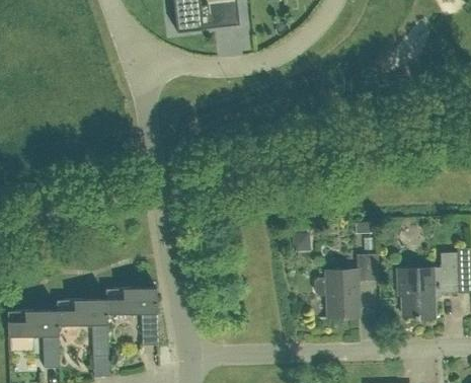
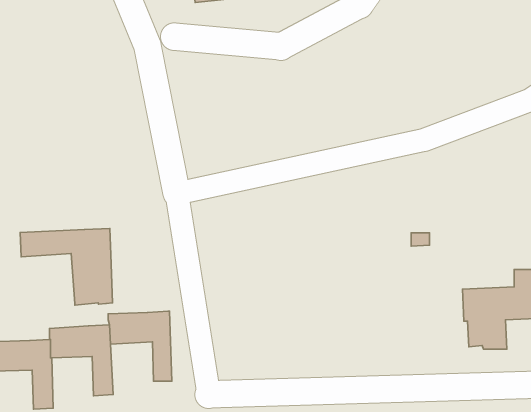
building: none -> [20,229,113,305]
building: [315,253,379,317] -> none

